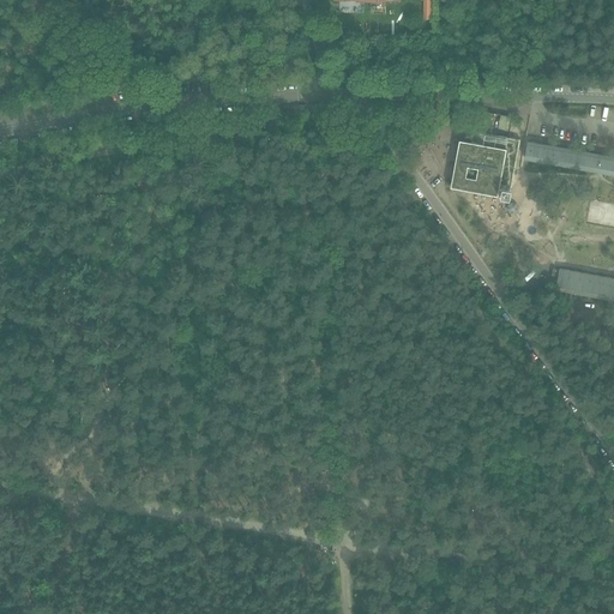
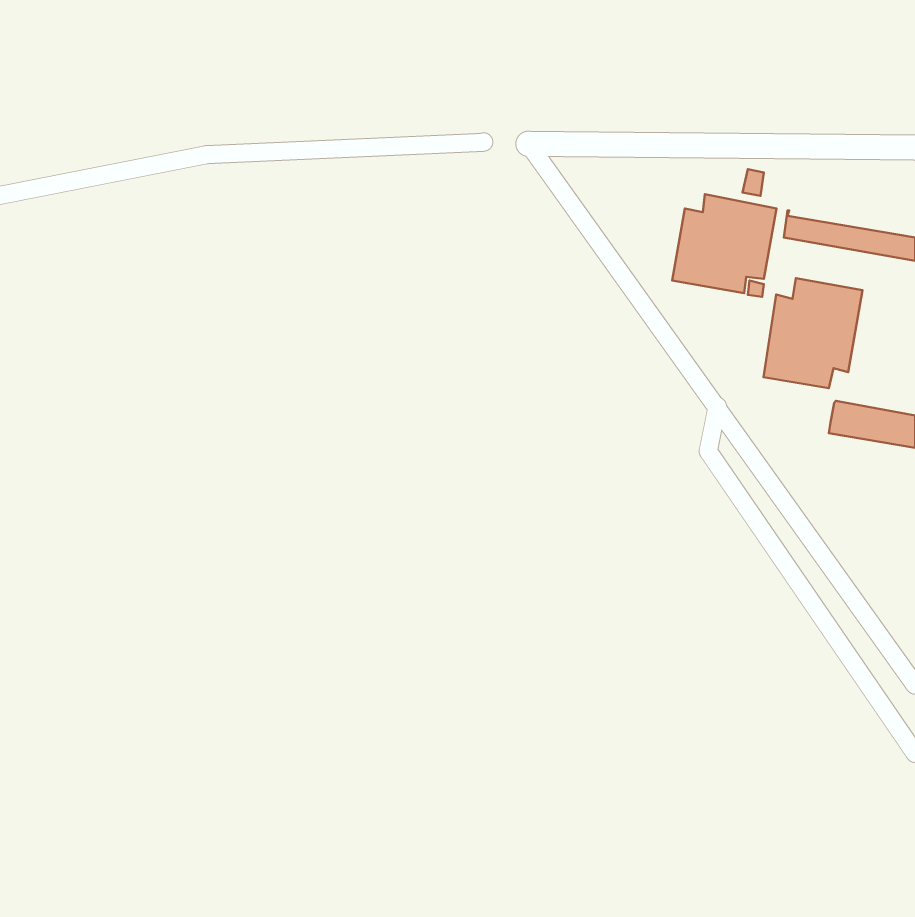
building: none -> [763,278,863,388]

